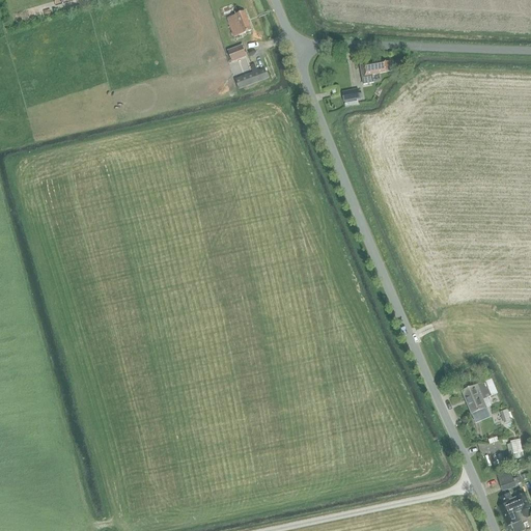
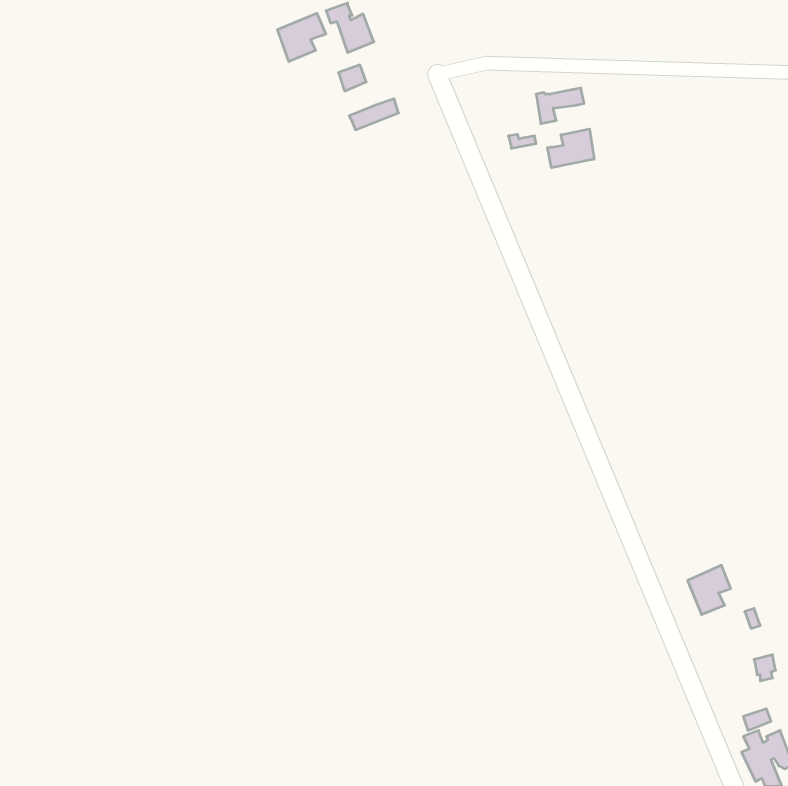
building: none -> [277,13,326,62]
building: none -> [547,129,594,168]

